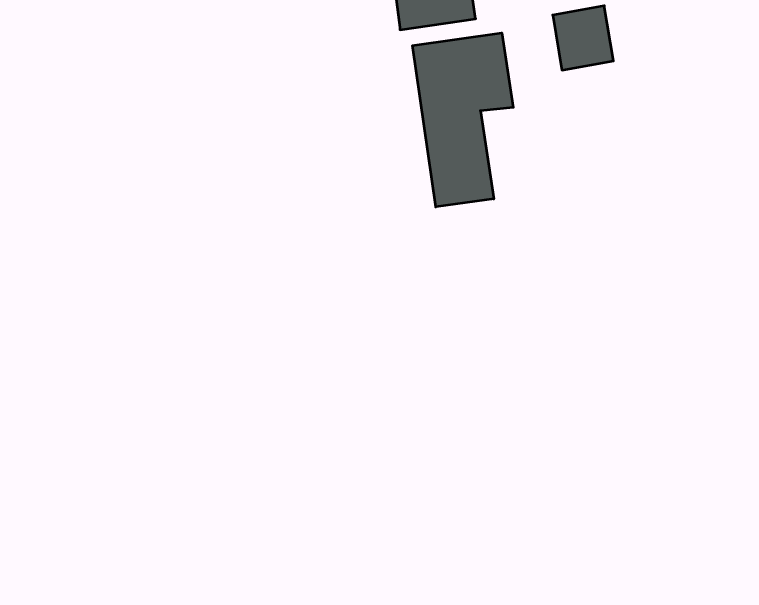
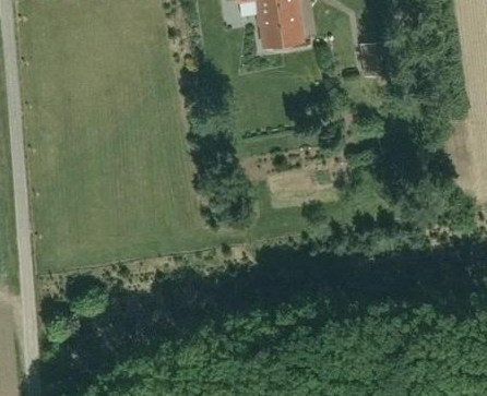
building: [413,33,513,207] -> none

